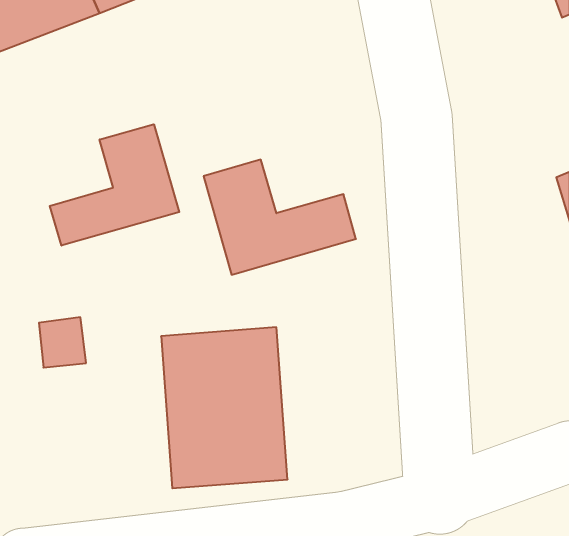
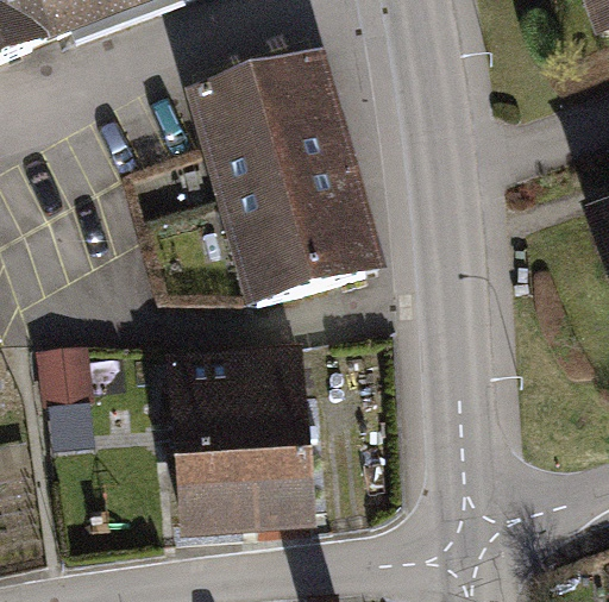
building: none -> [188,54,368,238]
building: [50,124,179,246] -> none

